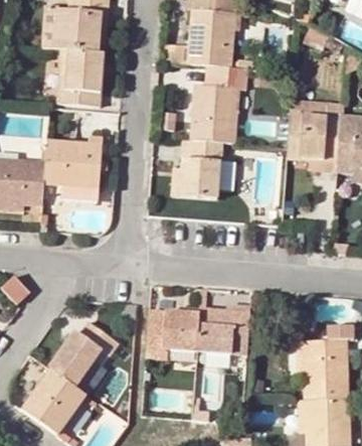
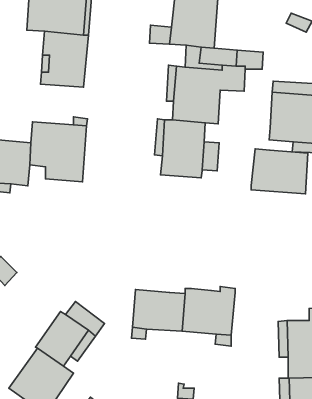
building: none -> [251,149,308,194]

